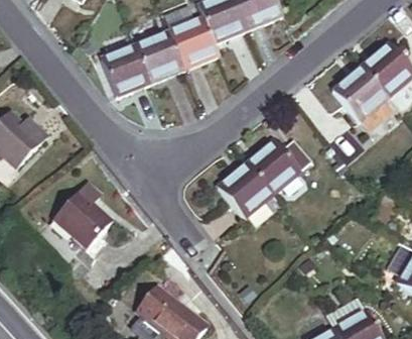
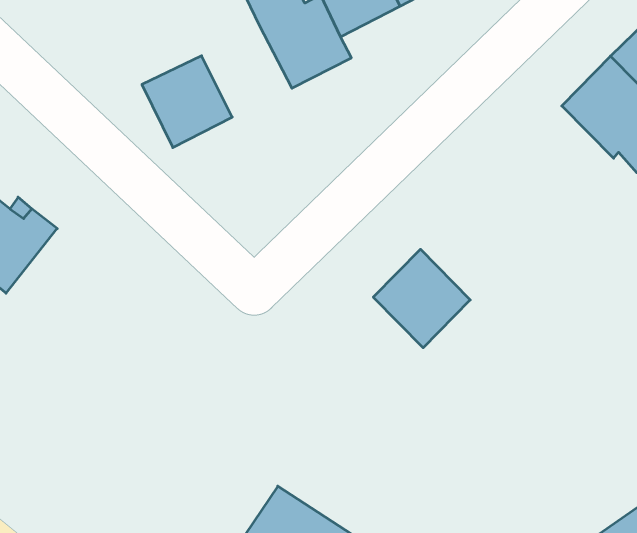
building: [135,32,183,82] -> none
building: [247,138,311,194] -> none
building: [55,178,110,245] -> none

